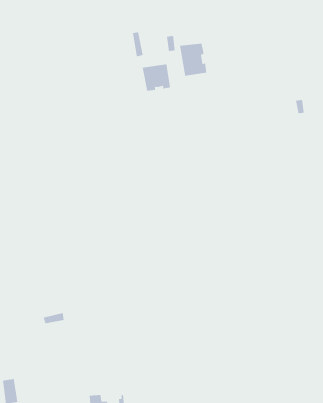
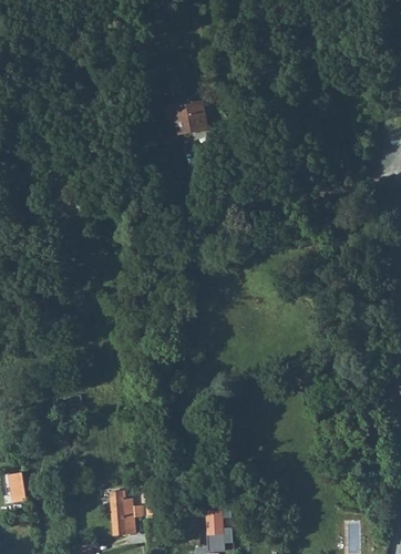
building: [179,43,207,77] -> none

